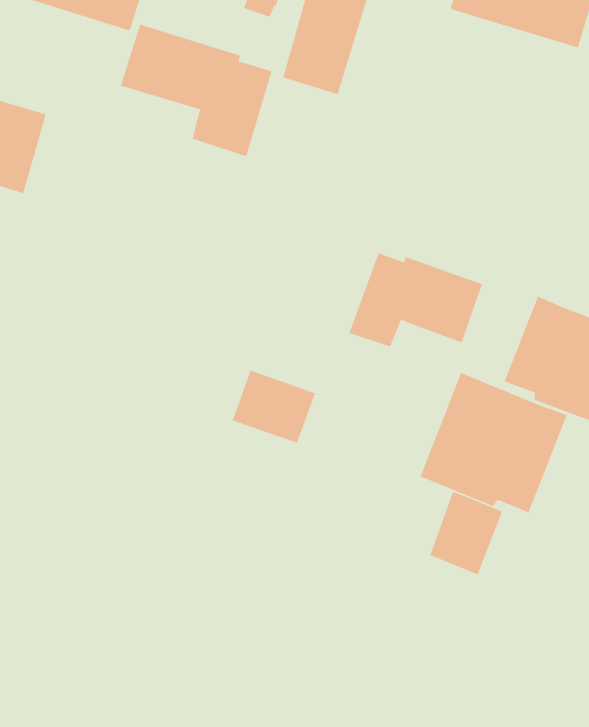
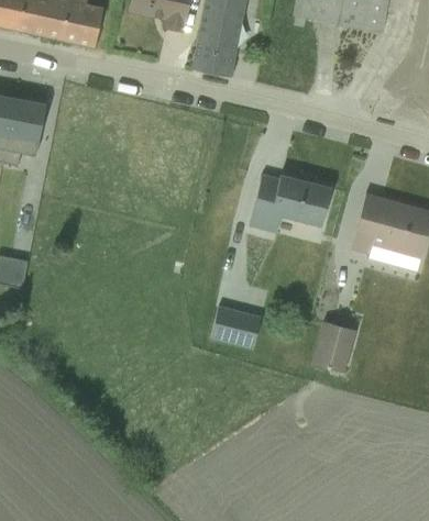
building: [120,24,272,157] -> none
building: [232,370,316,443] -> [211,304,263,348]
building: [420,372,567,513] -> none

